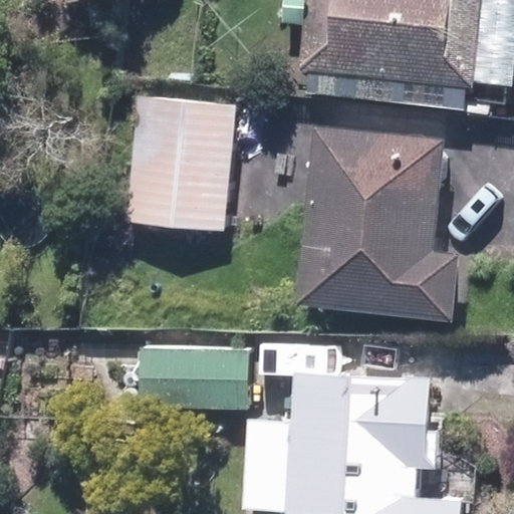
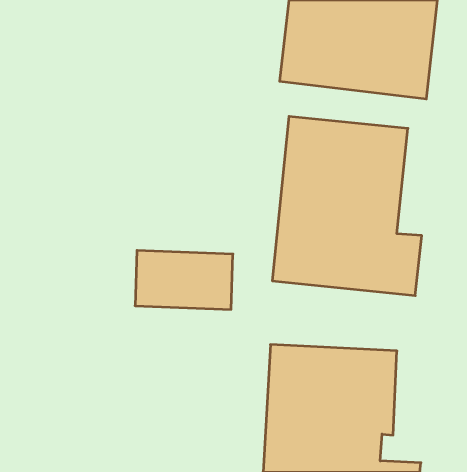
building: [122,96,234,232] -> none
building: [140,347,246,412] -> [135,250,233,309]

